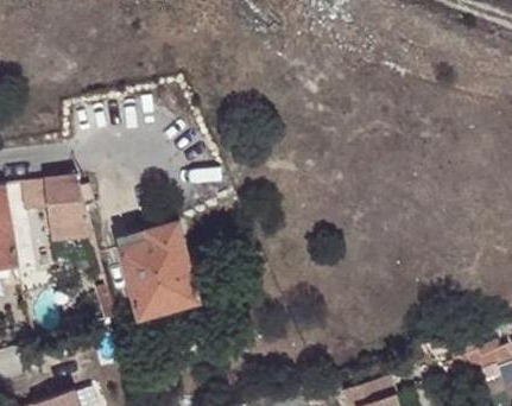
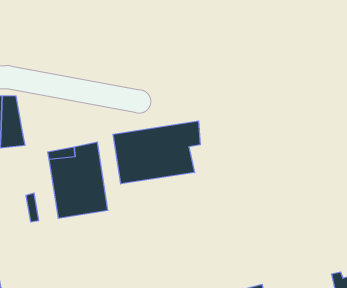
building: none -> [113,121,200,184]

